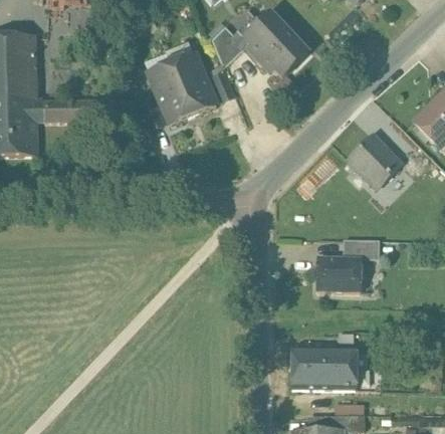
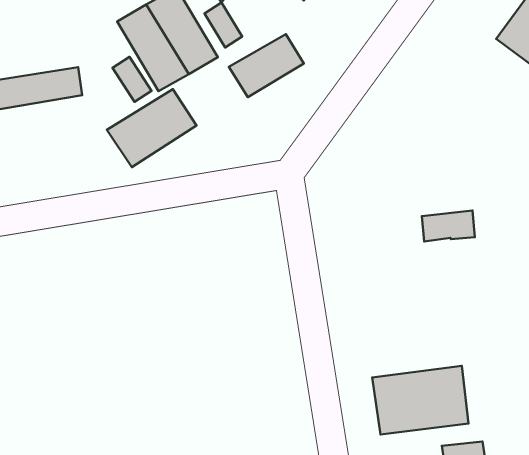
building: none -> [229,34,304,97]
building: none -> [107,89,196,167]
building: [349,135,401,187] -> none
building: [316,255,362,290] -> none

